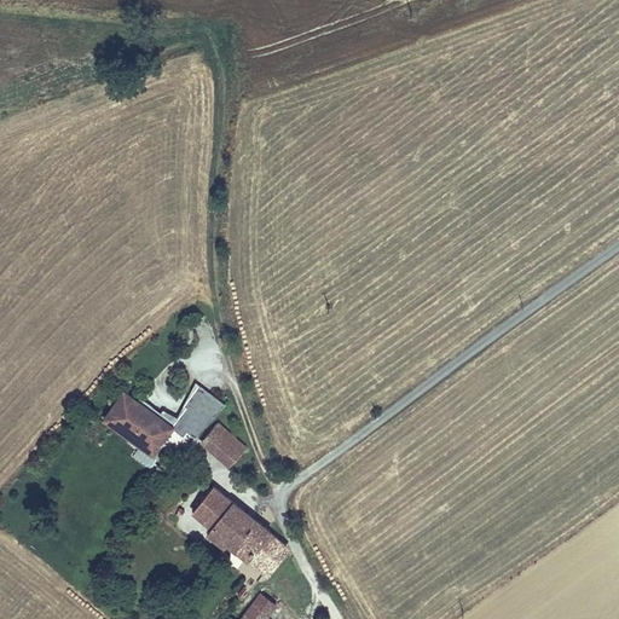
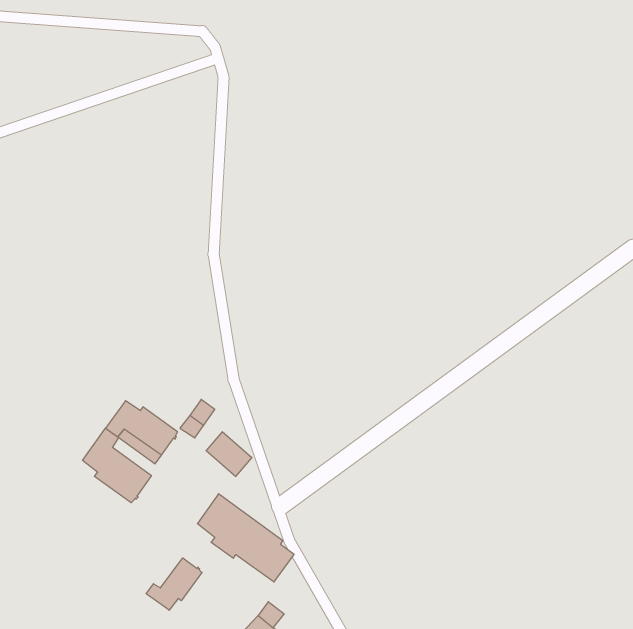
building: none -> [83,428,151,503]
building: none -> [146,558,202,610]

